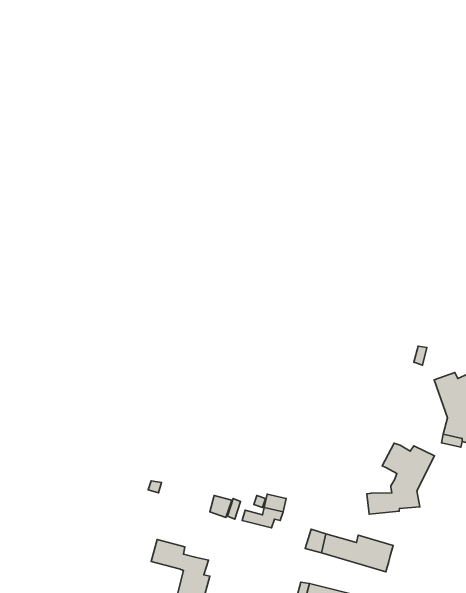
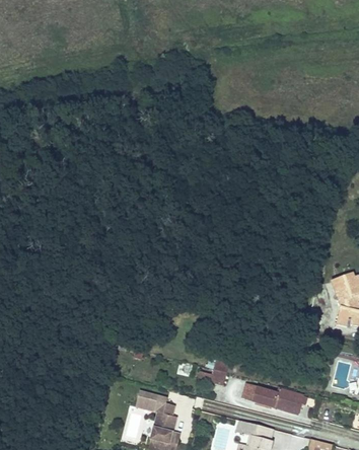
building: [367,443,435,514] -> none

